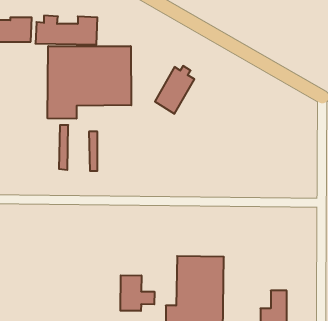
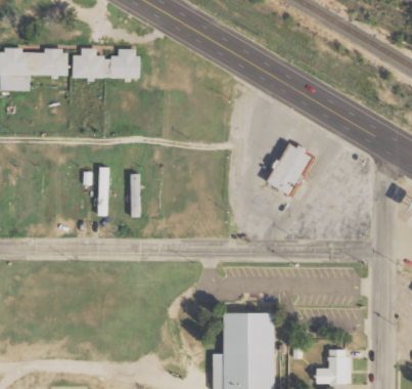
building: [48,46,131,119] -> none
building: [155,66,194,114] -> [269,141,312,193]
building: [120,275,154,311] -> none

